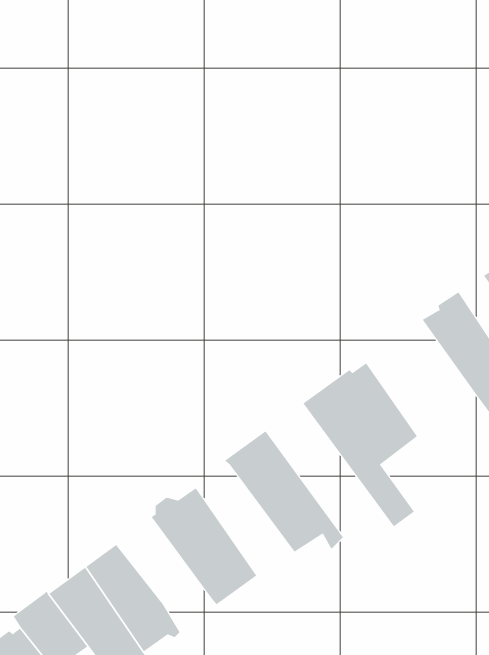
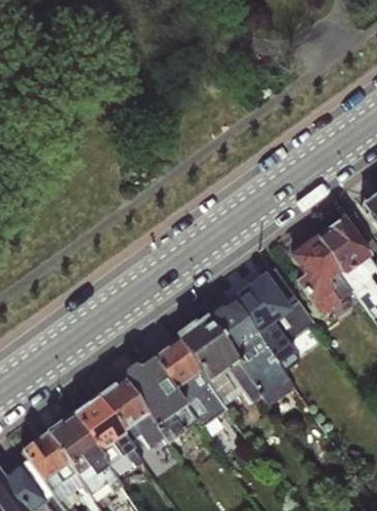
building: none -> [288,236,354,314]
building: none -> [204,297,296,404]
building: none -> [154,341,226,427]
building: none -> [96,379,164,448]

